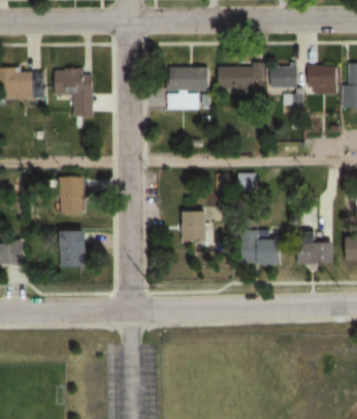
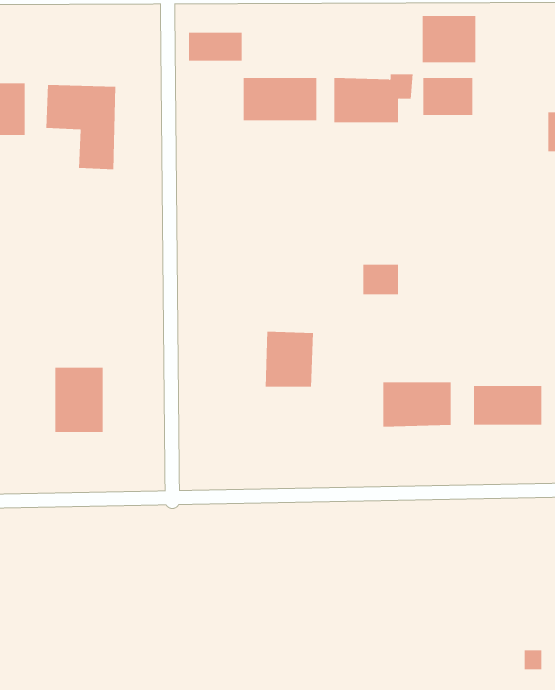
building: [305,65,336,92] -> [422,16,476,63]
building: [166,92,197,108] -> [188,32,243,61]
building: [59,176,84,214] -> none

